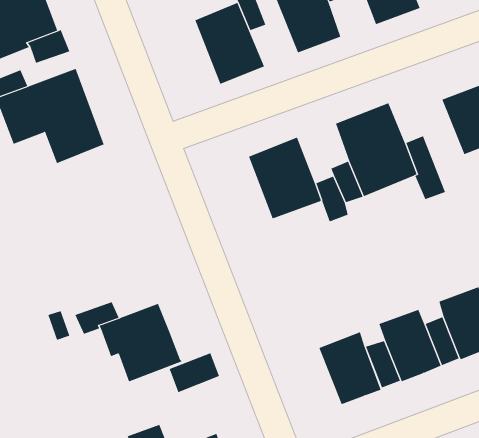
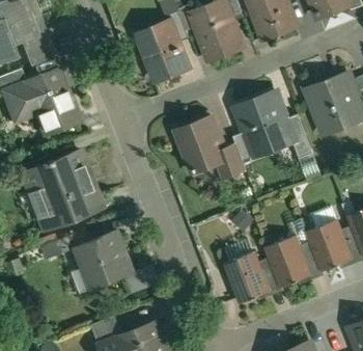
building: none -> [21,150,99,228]

